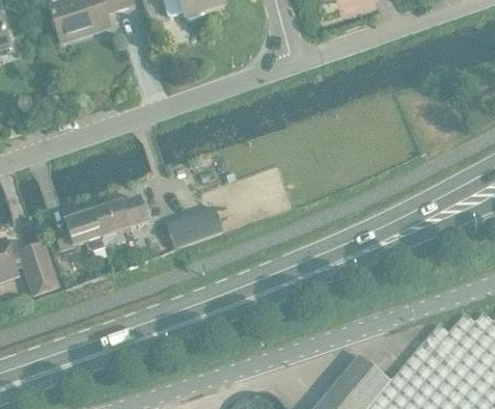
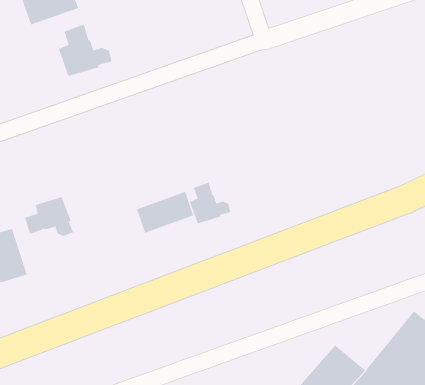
building: none -> [58,24,112,77]
building: none -> [189,182,231,224]
building: [93,200,142,235] -> none

